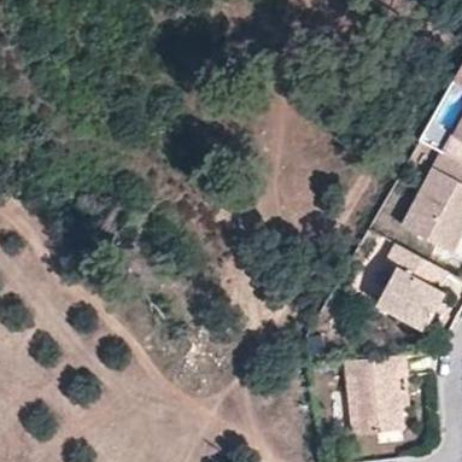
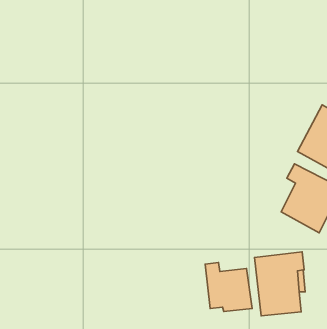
building: none -> [205,262,252,311]

